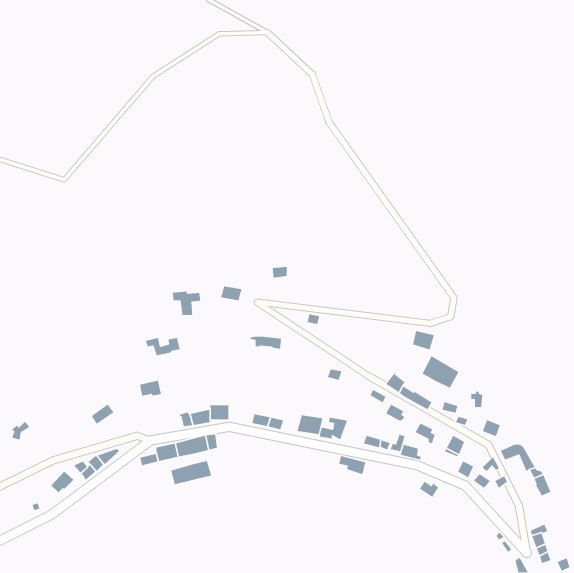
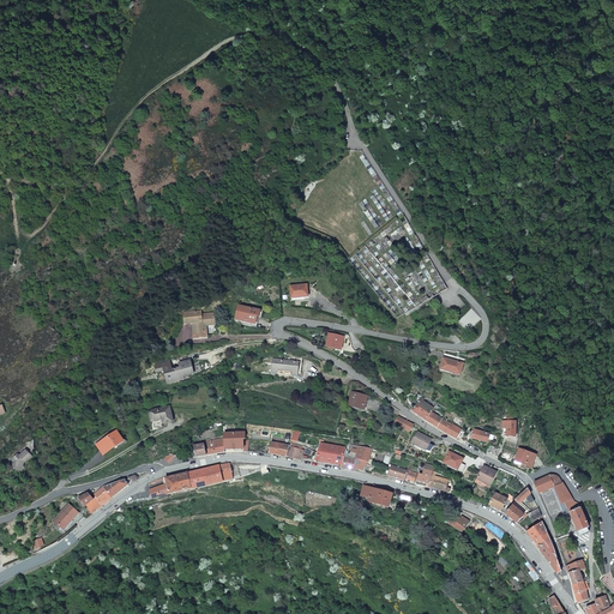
building: [421,355,459,389] -> none
building: [170,460,212,485] -> none
building: none -> [526,520,561,572]

